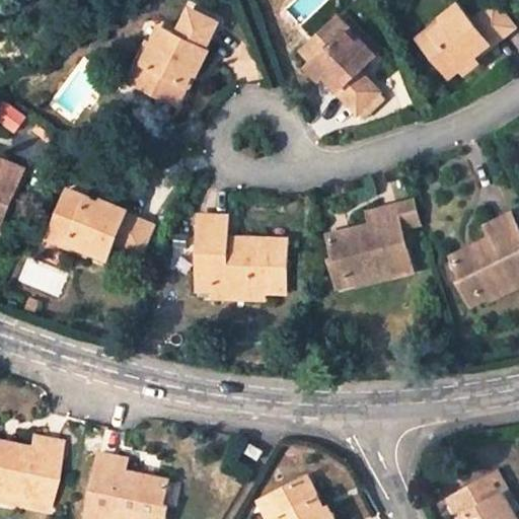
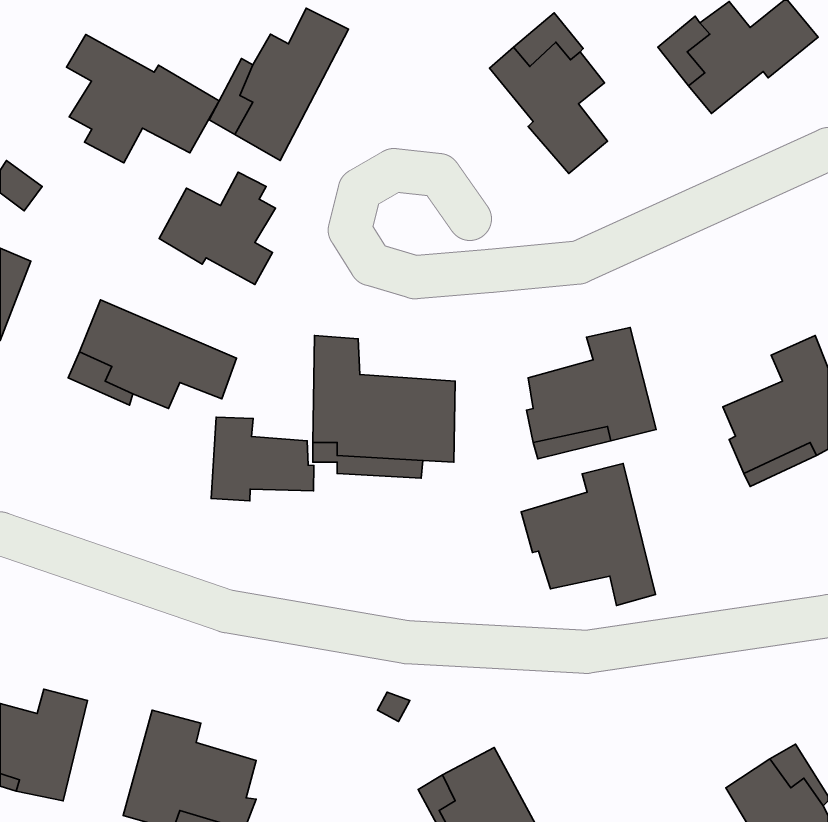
building: none -> [67,34,219,163]
building: none -> [159,172,275,284]
building: none -> [211,417,314,501]
building: none -> [521,464,655,606]

